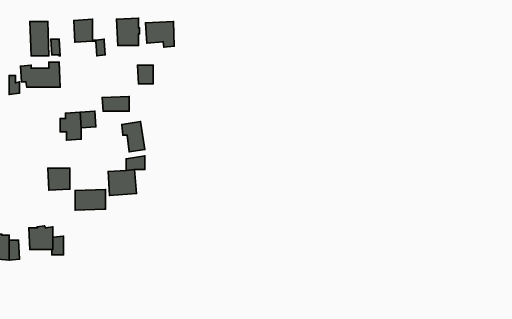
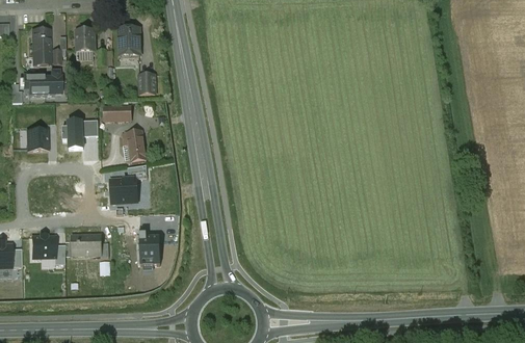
building: [146,22,174,47] -> none
building: [48,168,70,190] -> [25,130,47,152]
building: [75,189,105,210] -> [71,234,101,255]
building: none -> [138,234,159,265]

